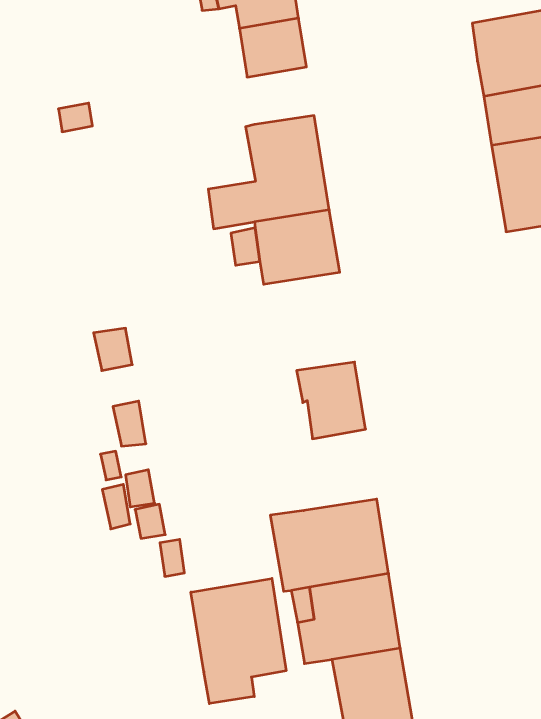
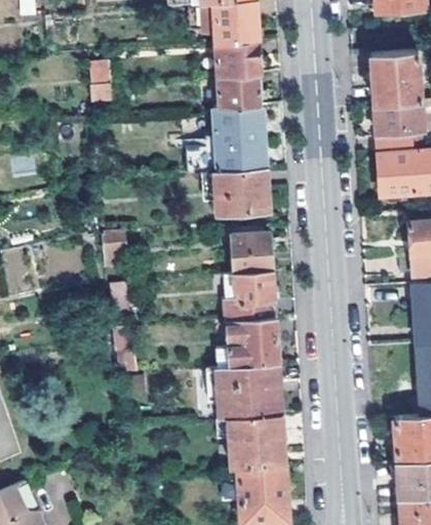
building: none -> [219,73,261,108]
building: none -> [231,234,272,274]
building: none -> [226,317,278,367]
building: [191,578,286,704] -> none

